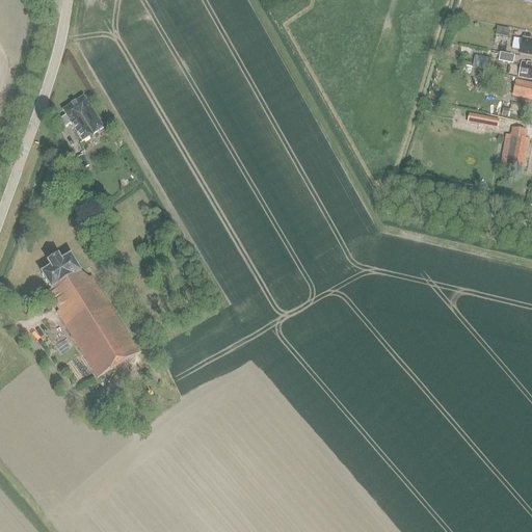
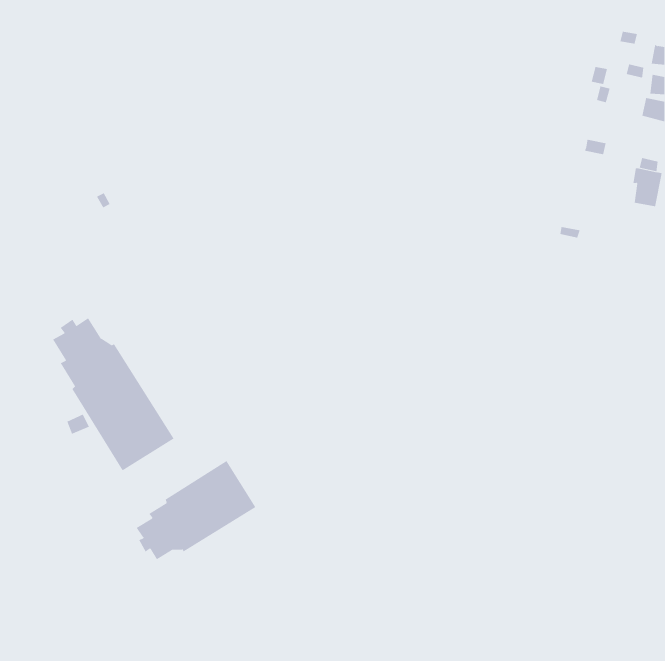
building: [61,95,103,139] -> none
building: none -> [136,460,256,560]

